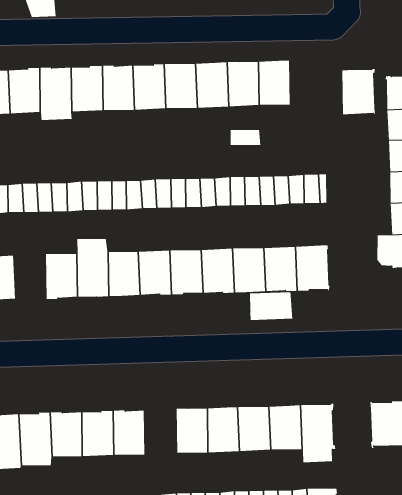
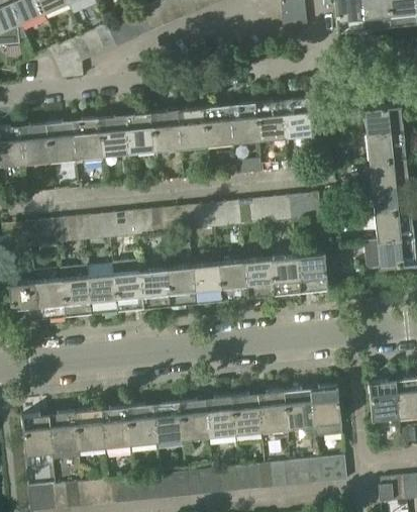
building: [341,68,376,115] -> [283,97,314,137]
building: none -> [62,265,92,315]
building: [249,291,293,321] -> none
building: none -> [181,398,210,438]

